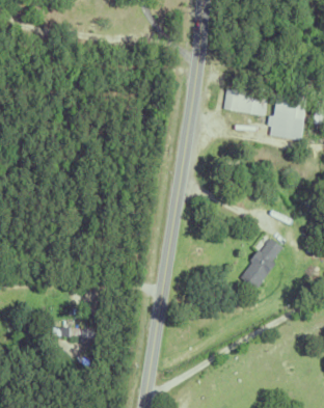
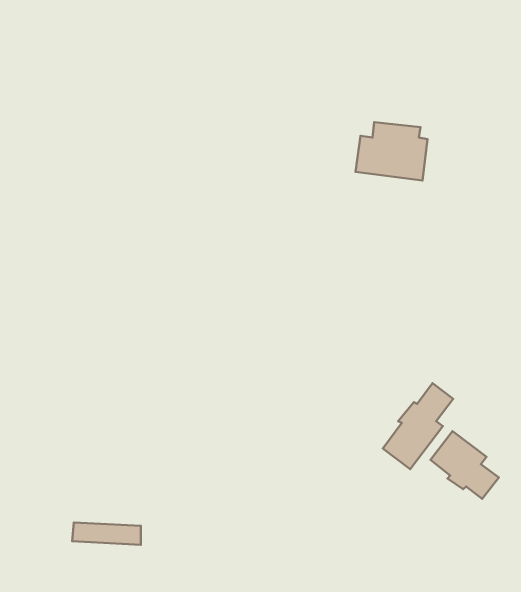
building: [266,86,307,141] -> none
building: none -> [431,431,499,499]

